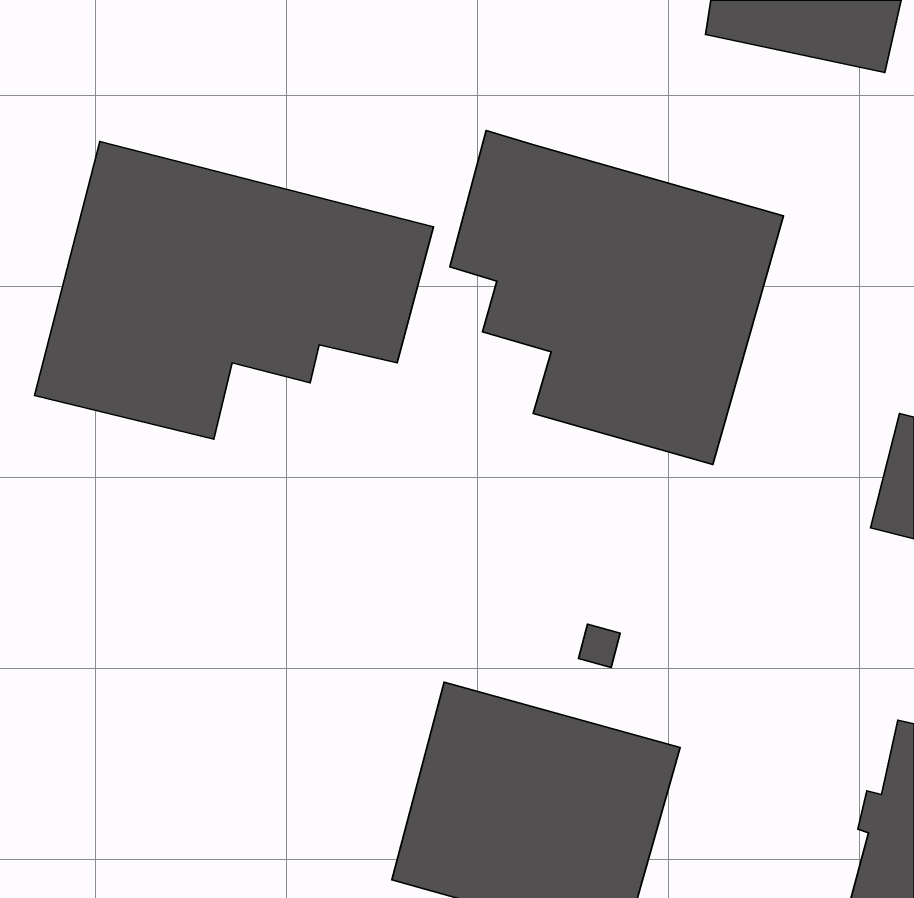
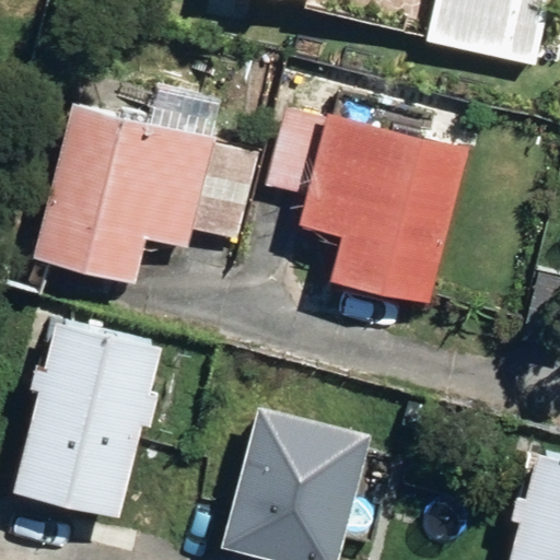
building: none -> [4,317,162,509]

